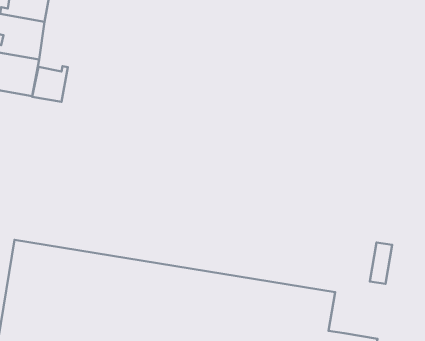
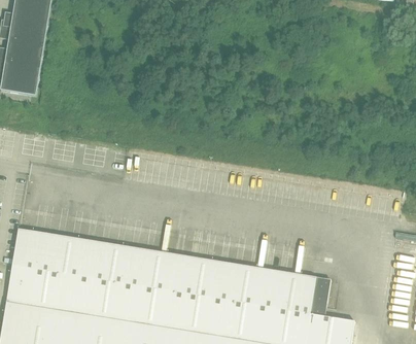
building: [32,66,68,102] -> none
building: [370,243,392,284] -> [309,277,330,315]

